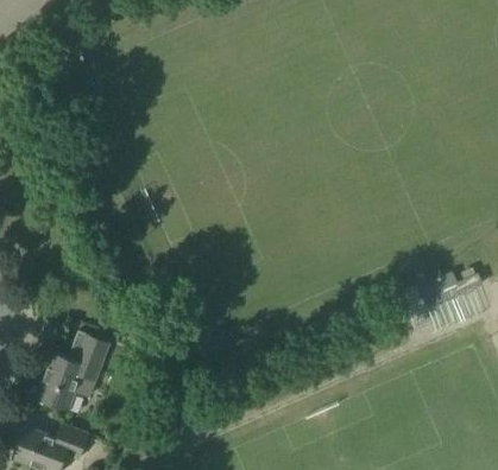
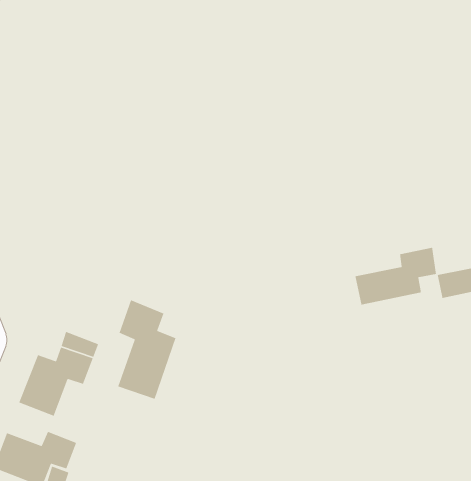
building: none -> [355,247,437,306]
building: none -> [117,299,177,400]

